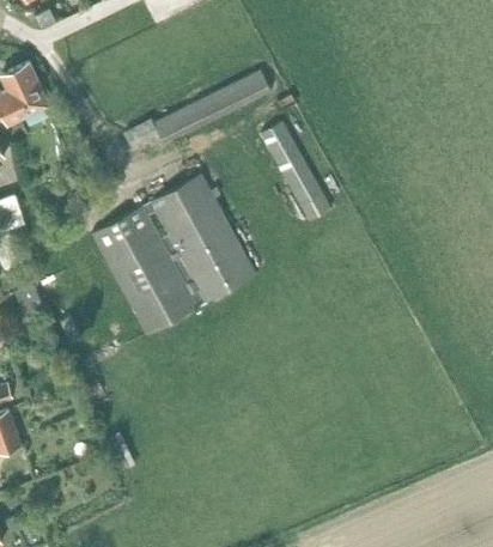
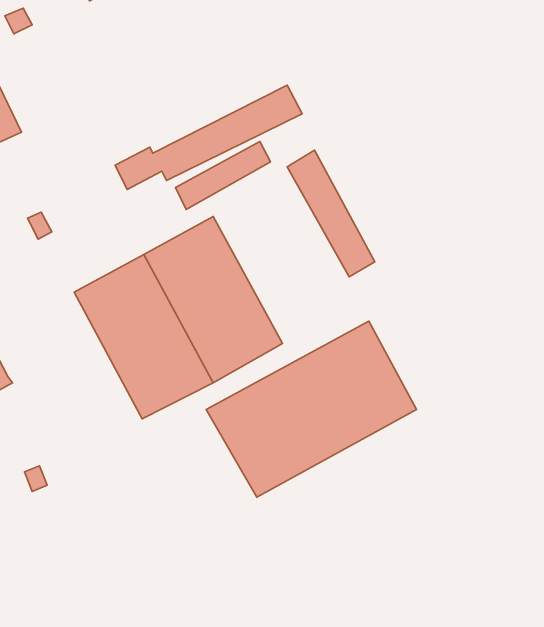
building: none -> [175,141,270,209]
building: none -> [206,321,417,497]

